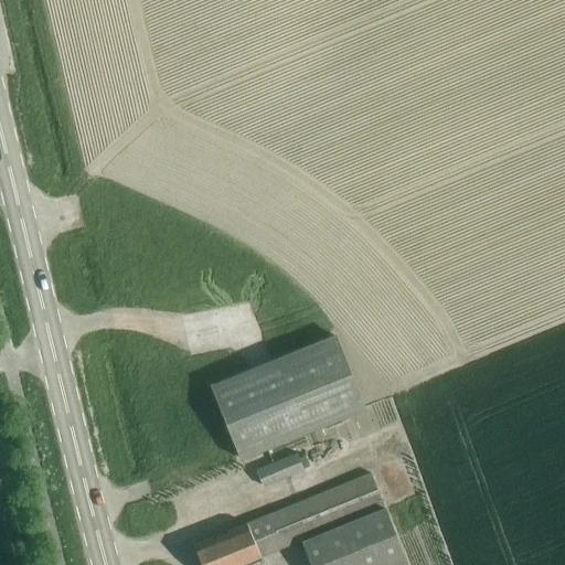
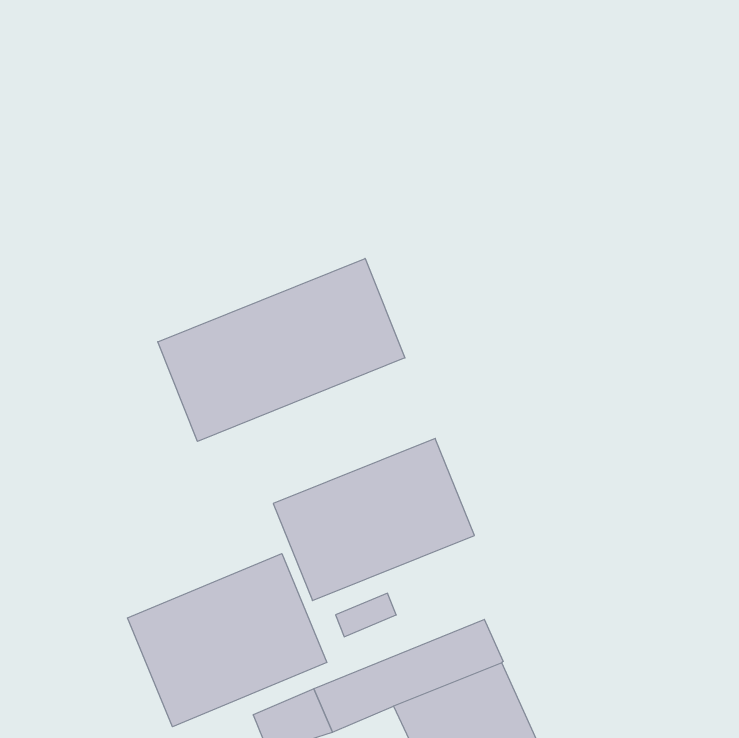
building: none -> [158,258,405,441]
building: none -> [127,554,327,727]

